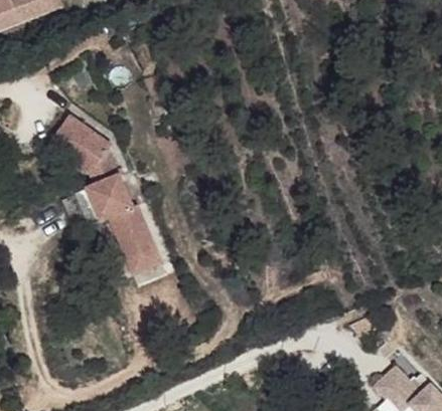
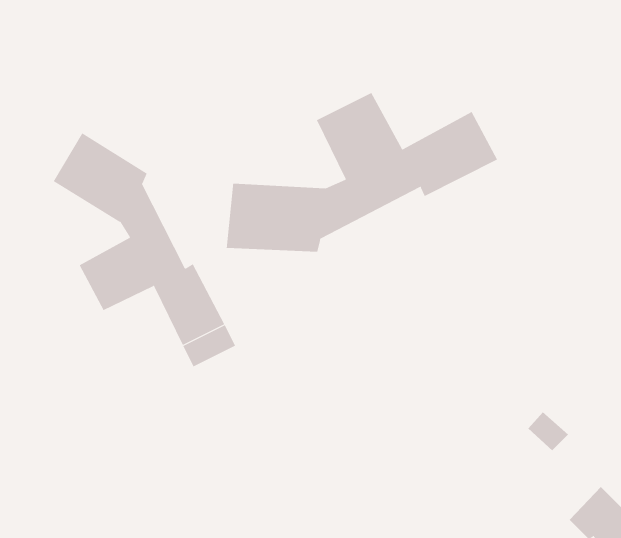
building: none -> [226,92,498,252]

